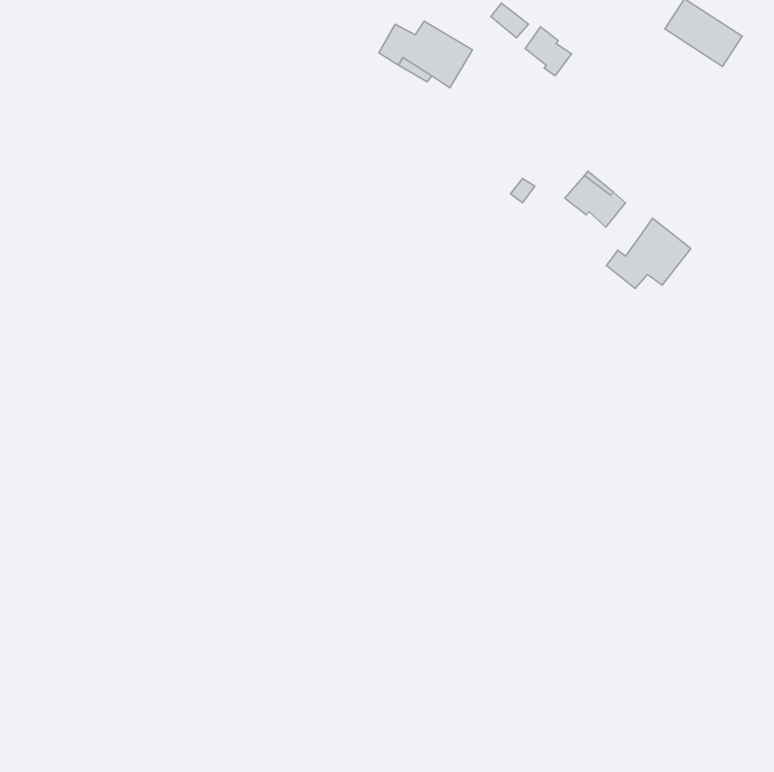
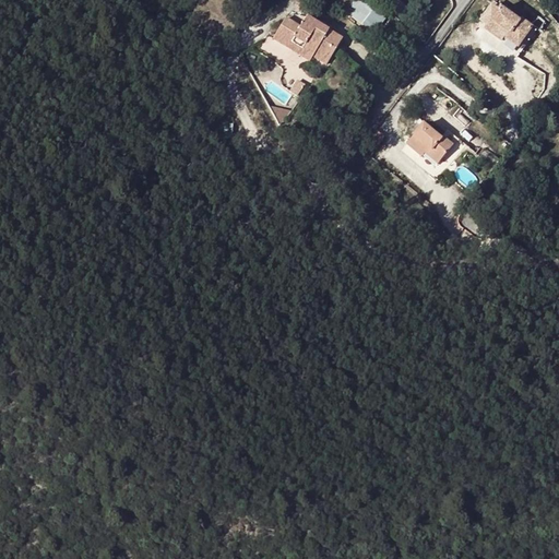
building: [525,27,572,76] -> none
building: [606,218,691,288] -> none

